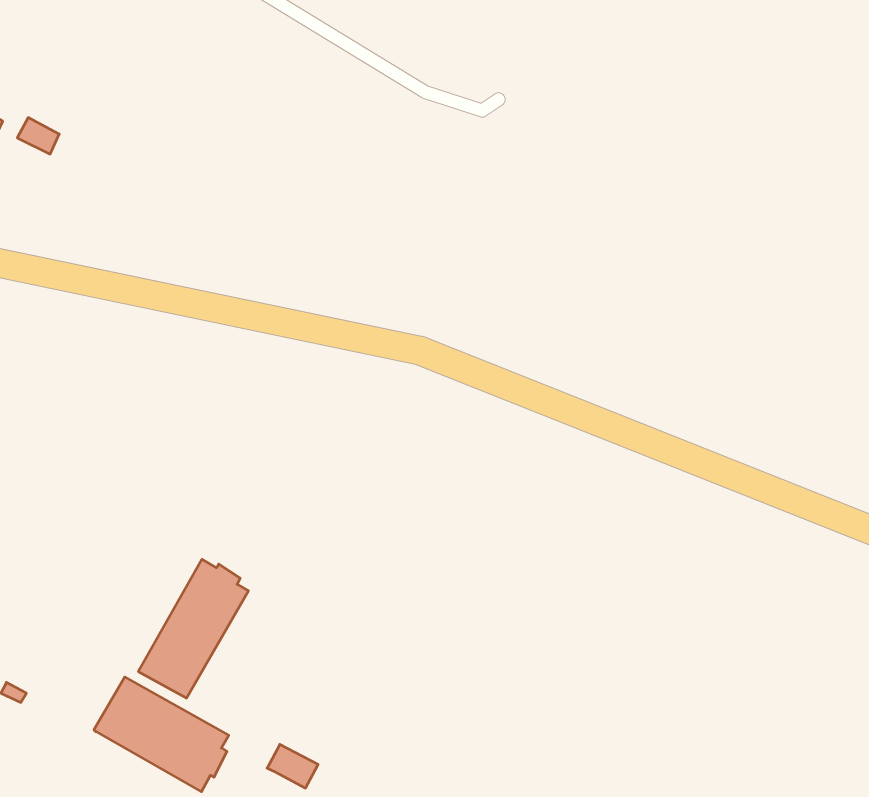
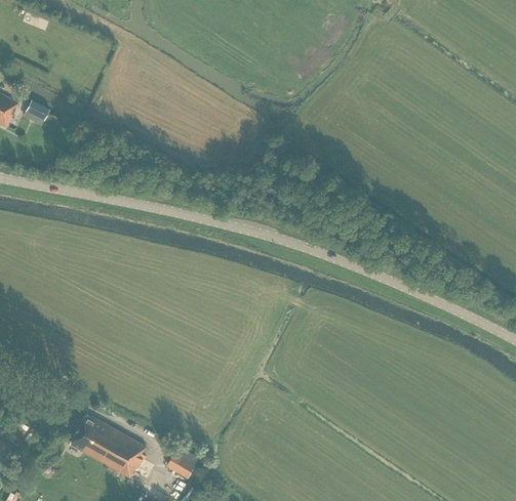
building: [139,559,248,698] -> none

